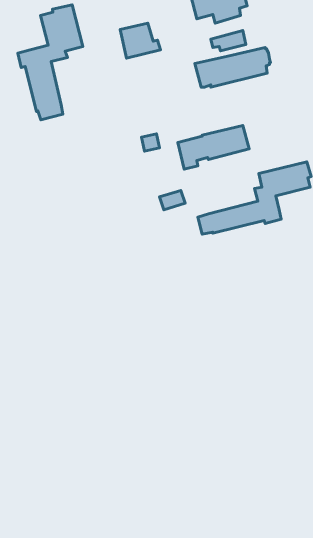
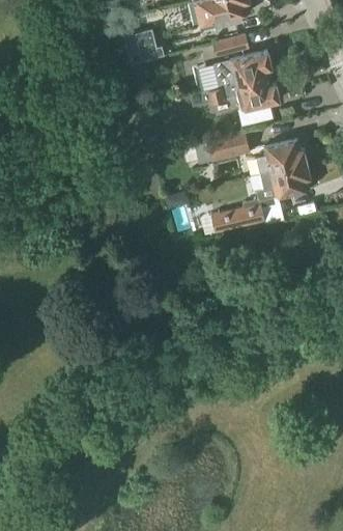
building: [18,5,83,120] -> none
building: none -> [208,78,280,118]
building: none -> [257,140,308,175]

